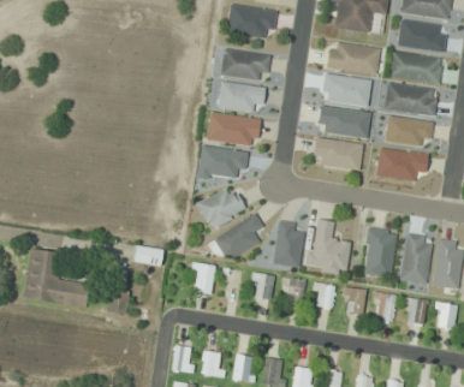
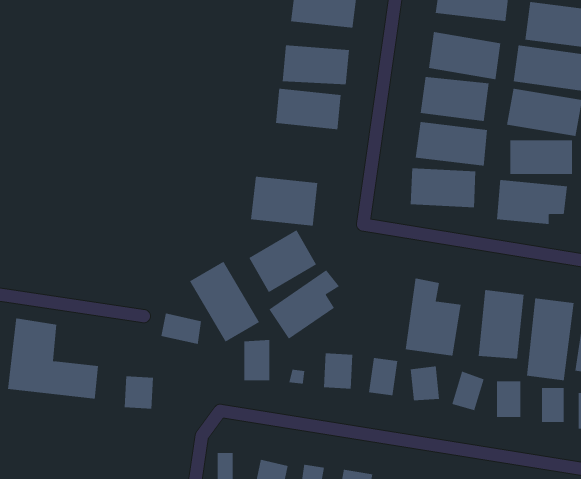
building: [207,112,261,147] -> none
building: none -> [189,261,260,343]
building: [274,221,302,269] -> none

